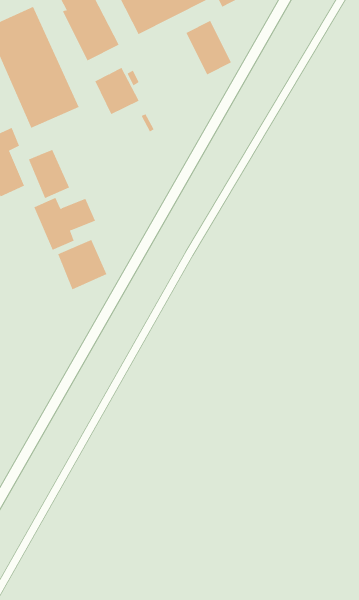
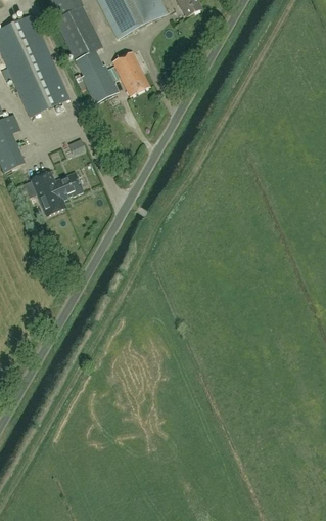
building: [186,20,232,75] -> [111,50,149,95]
building: [28,149,70,199] -> none
building: [57,239,107,290] -> none

